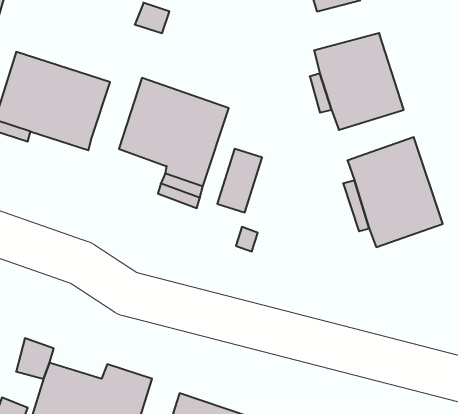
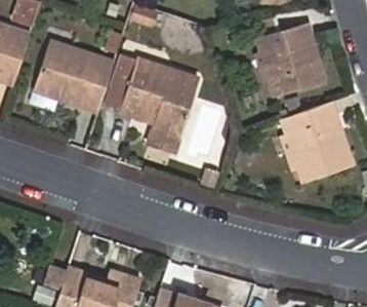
building: none -> [100,55,136,113]

